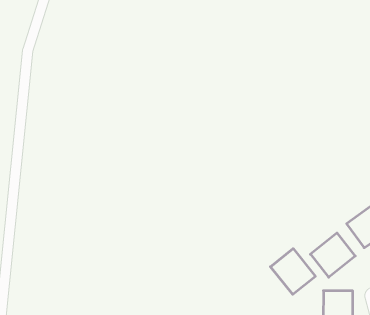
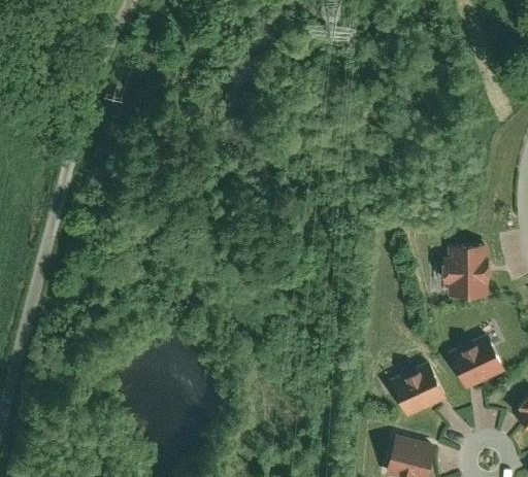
building: none -> [443,255,475,309]
building: [270,249,315,294] -> none

